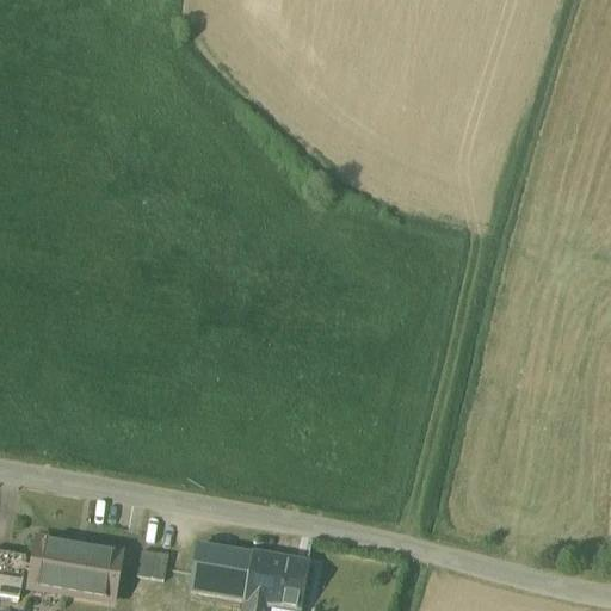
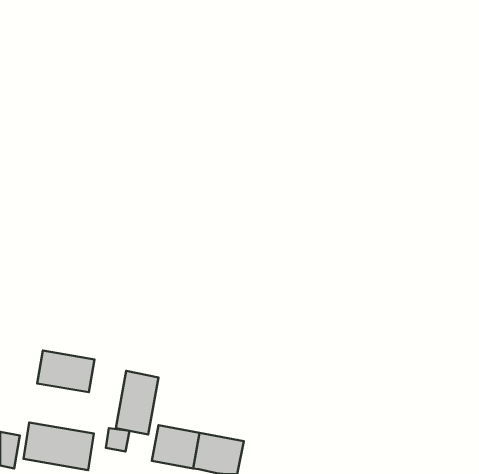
building: none -> [37,351,94,392]
building: none -> [116,371,158,435]

